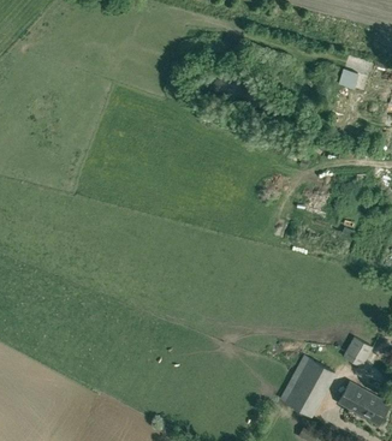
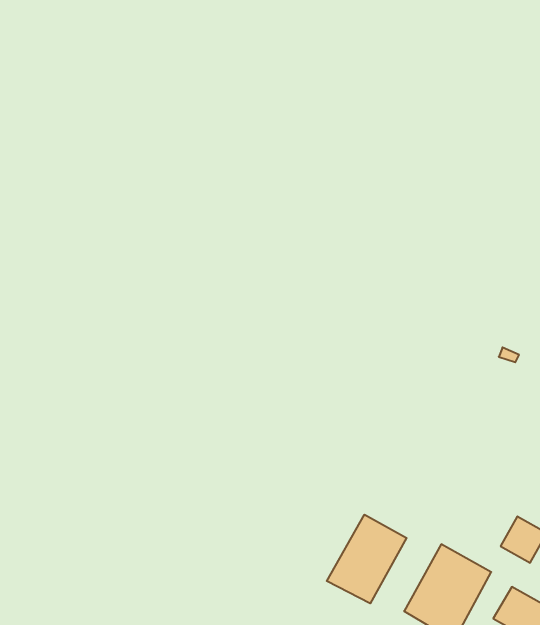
building: none -> [327,515,407,603]

